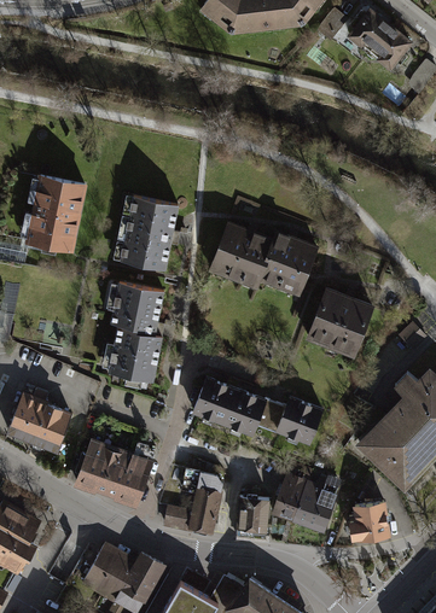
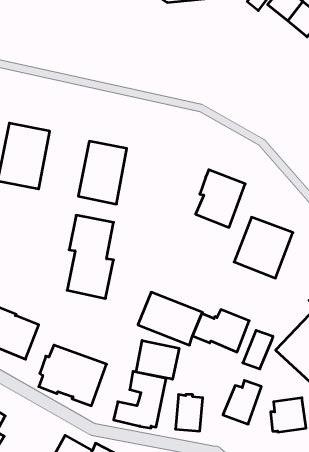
building: [208,221,272,291] -> none
building: none -> [136,340,179,379]
building: [272,475,308,521] -> [243,330,273,369]

